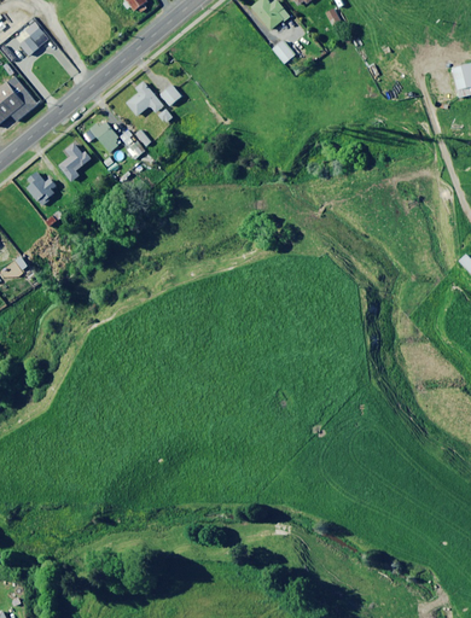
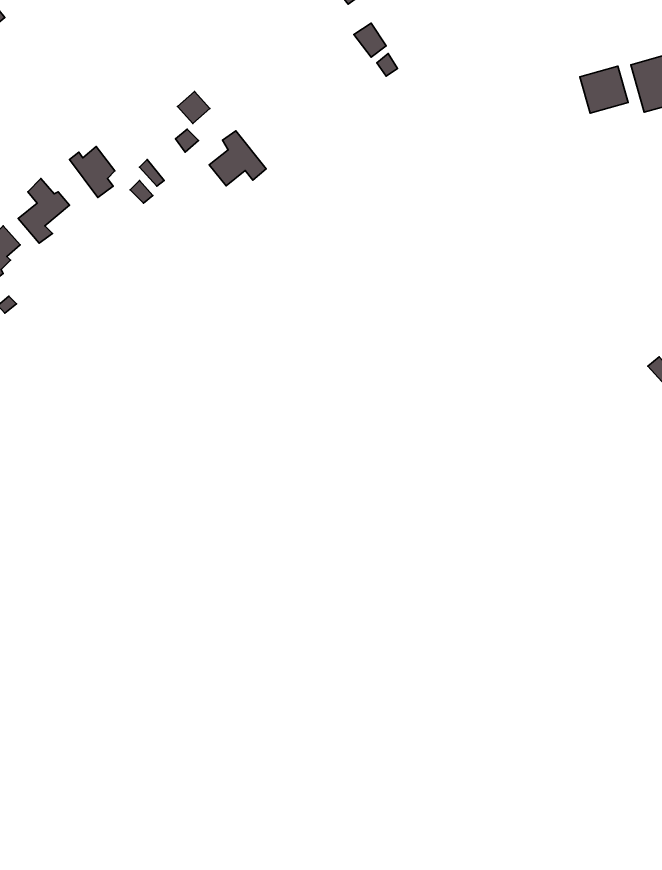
building: none -> [580,66,628,113]
building: [123,76,159,111] -> [209,131,266,186]

